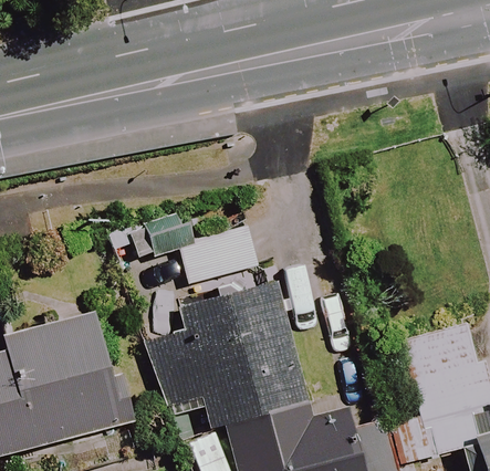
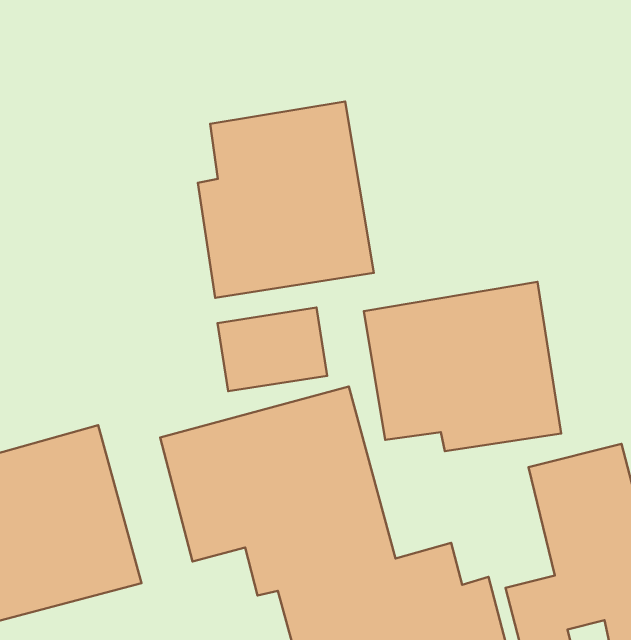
building: none -> [198,102,374,298]
building: none -> [364,282,561,451]

